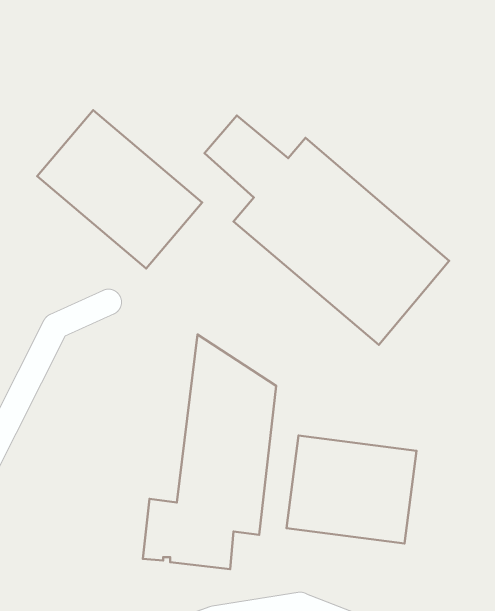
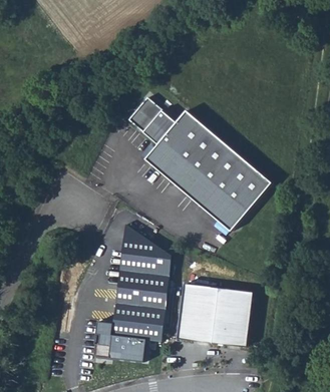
building: [37,110,202,268] -> none

